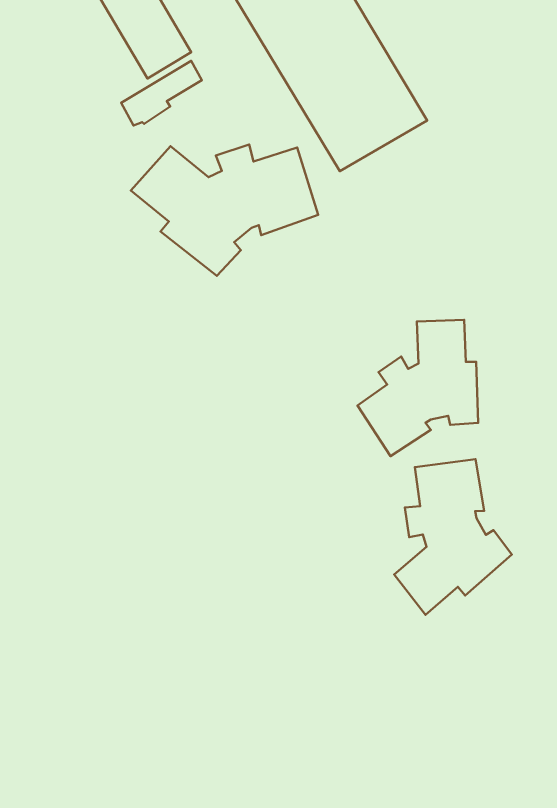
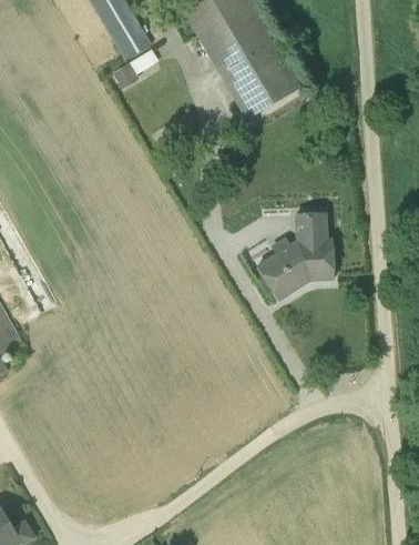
building: [131,145,318,276] -> none
building: [394,459,512,615] -> none

